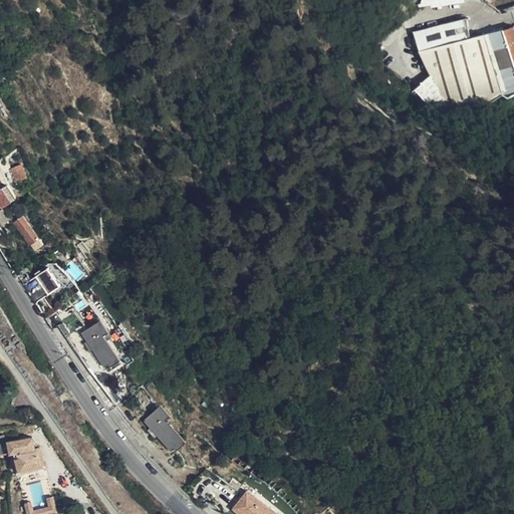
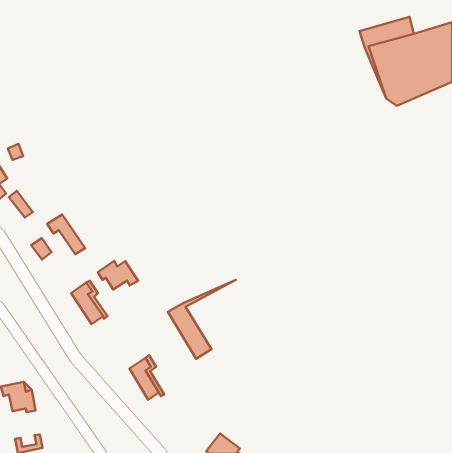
building: none -> [47,215,85,254]
building: none -> [98,261,138,289]
building: none -> [168,280,236,359]

